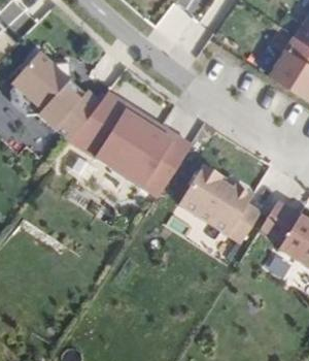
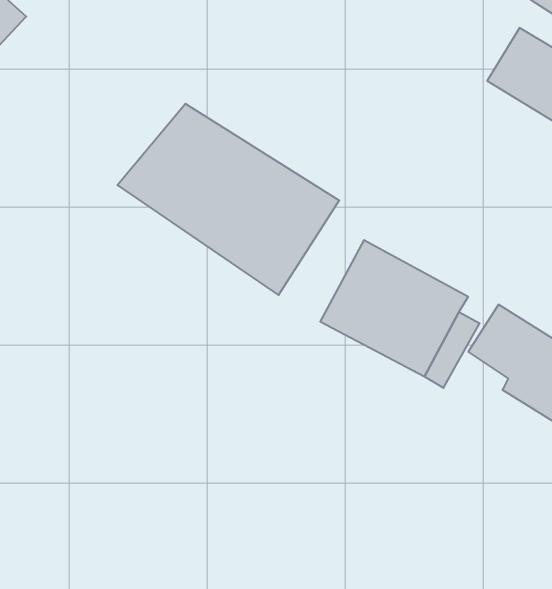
building: [11,51,101,136] -> none

